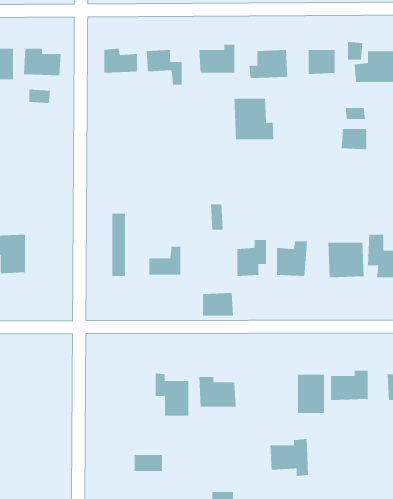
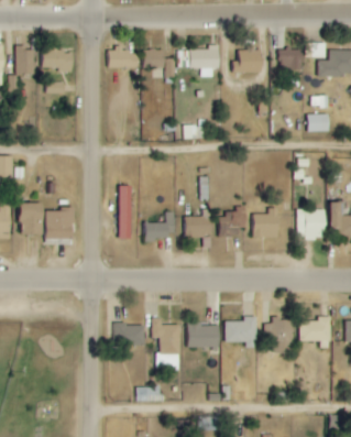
building: [234,98,274,140] -> none
building: none -> [46,209,75,239]
building: [202,292,234,316] -> [186,216,212,236]
building: none -> [113,324,144,346]
building: [269,438,309,477] -> [224,316,257,348]

